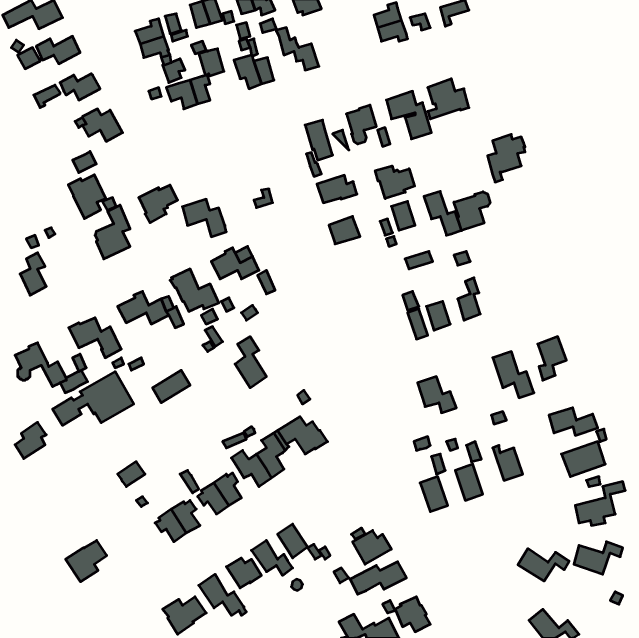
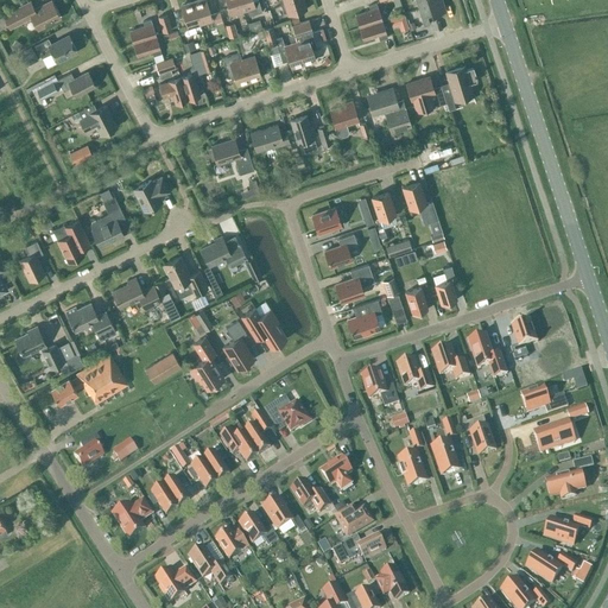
building: none -> [292,19,317,63]
building: [488,134,525,182] -> [441,64,476,109]
building: [375,166,415,199] -> none
building: [68,175,106,219] -> [52,220,88,261]
building: [317,175,357,203] -> [251,124,289,150]
building: [454,192,490,231] -> none
building: [182,199,226,237] -> [211,138,253,173]
building: none -> [324,232,356,265]
building: none -> [335,262,374,300]
building: none -> [347,298,385,336]
building: none -> [241,300,286,347]
building: none -> [189,335,223,387]
building: none -> [432,346,469,379]
building: none -> [361,369,399,407]
building: [15,422,46,459] -> [74,433,103,468]
building: none -> [321,456,352,490]
building: none -> [291,480,330,512]
building: [66,540,107,582] -> [114,499,153,538]
building: [518,549,569,581] -> [527,551,576,582]

